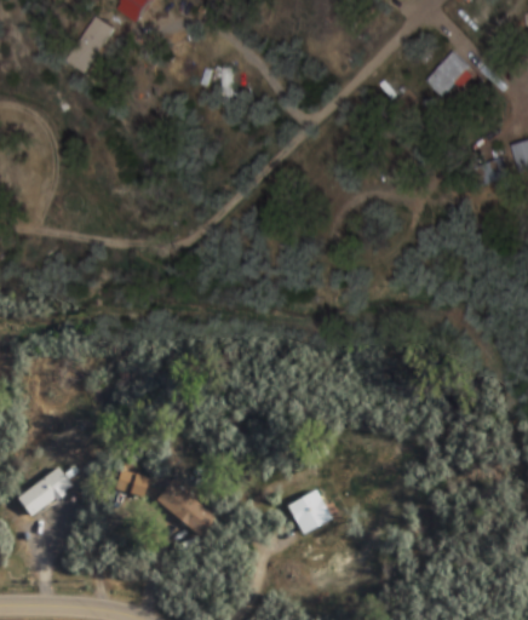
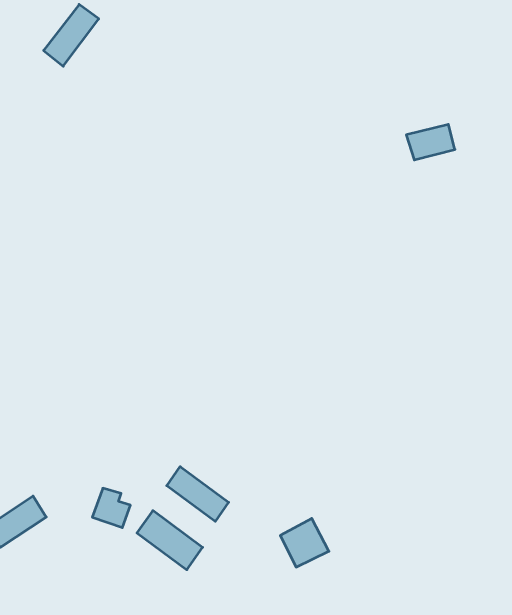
building: [430,59,475,92] -> [406,124,455,160]
building: none -> [167,467,229,521]

